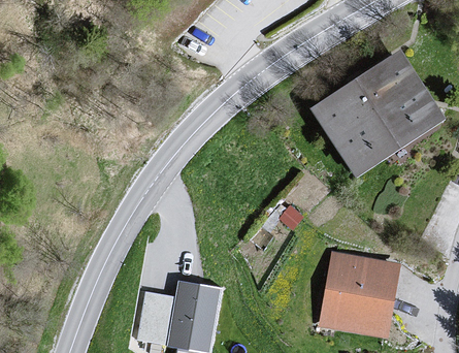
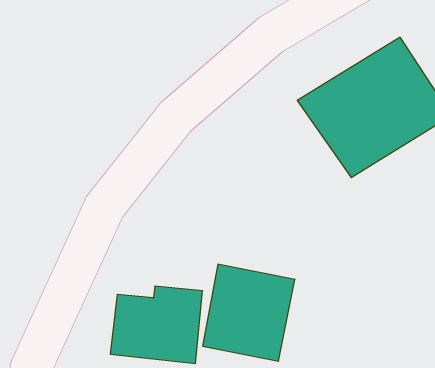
building: [319,252,400,338] -> [203,264,295,361]

